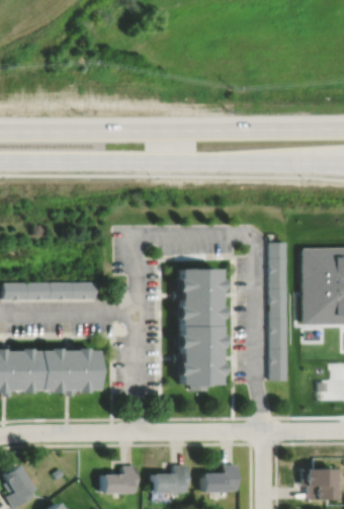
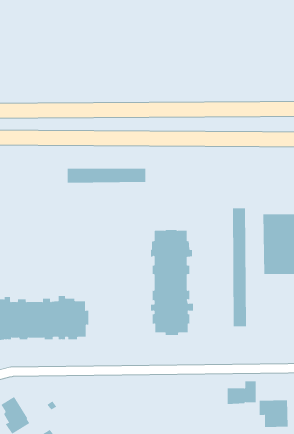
building: [5,283,97,301] -> [67,168,146,183]
building: [155,463,189,491] -> none
building: [204,463,239,491] -> [227,381,257,404]
building: [103,464,138,491] -> none

